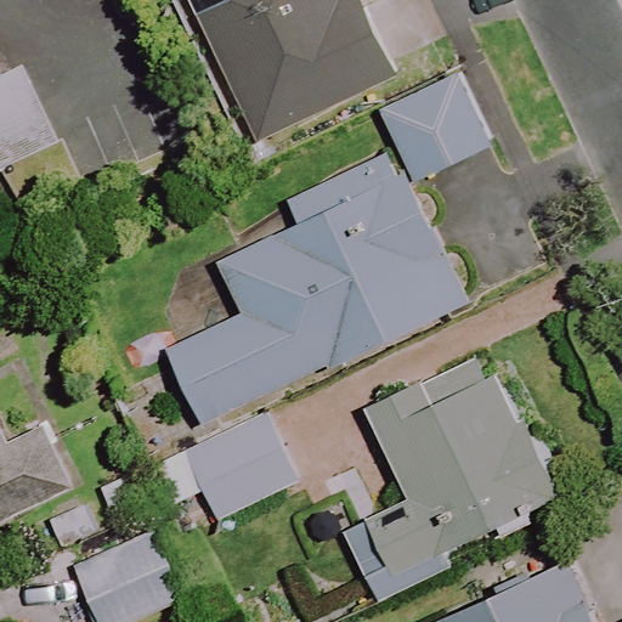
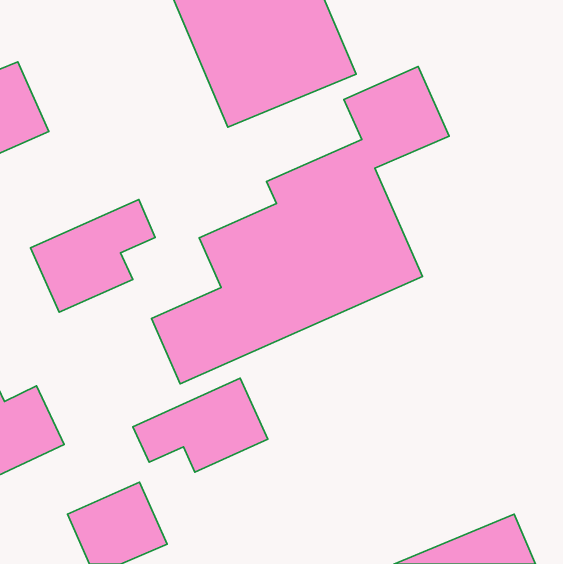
building: none -> [31,200,155,312]
building: [323,356,555,604] -> none

